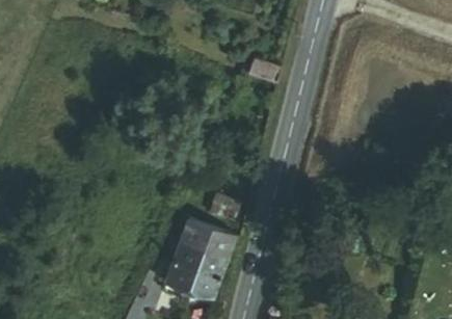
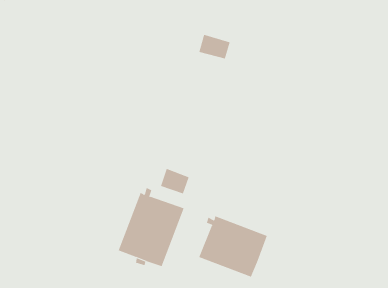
building: none -> [199,216,268,277]

